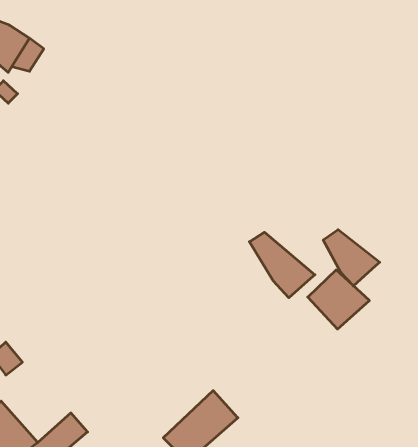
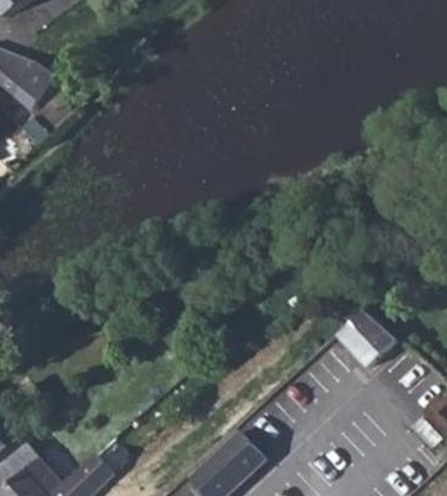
building: [323,230,380,286] -> none
building: [249,232,315,298] -> none

